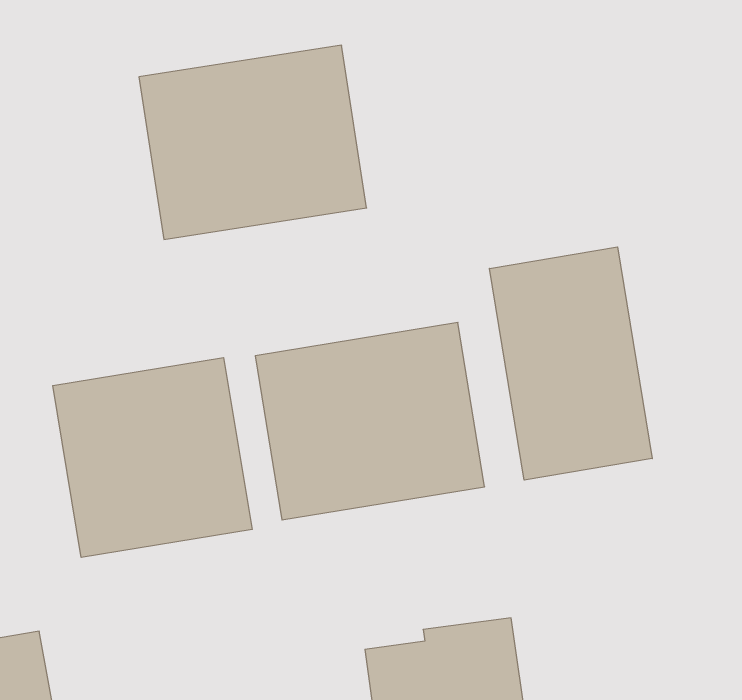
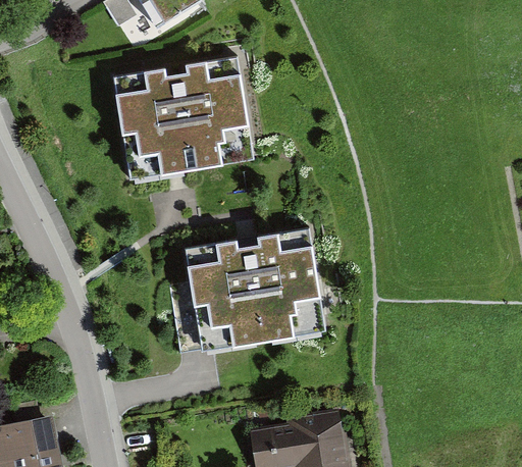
building: [489,247,652,480] -> none
building: [53,358,252,557] -> none

